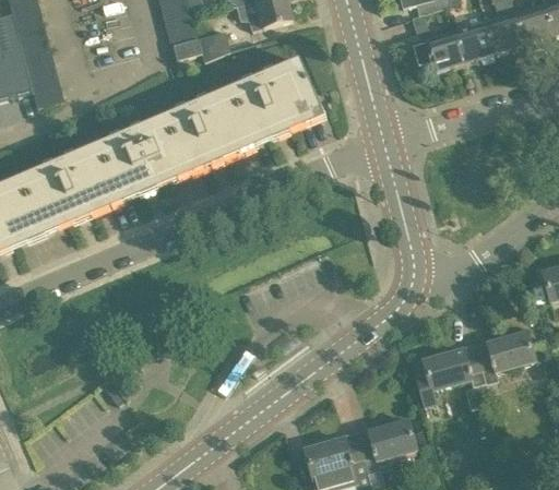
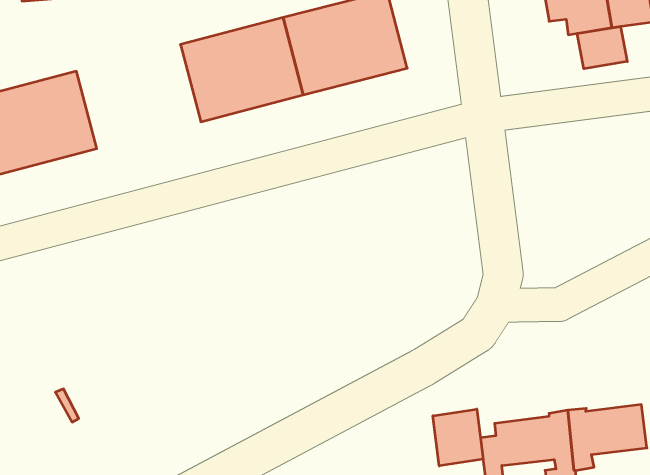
building: none -> [577,26,627,69]
building: [83,121,178,205] -> none
building: none -> [433,409,483,466]

